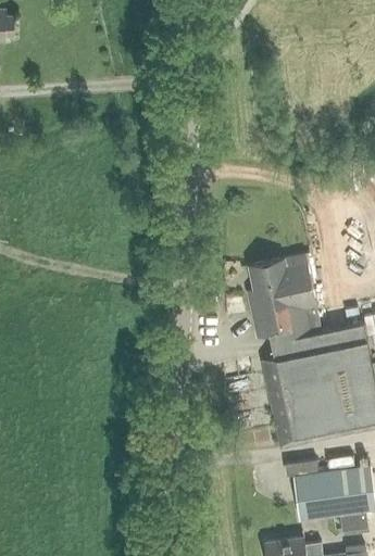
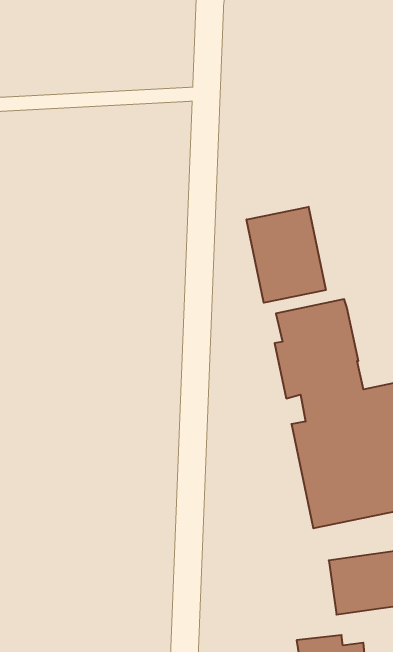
building: none -> [247,207,326,303]

